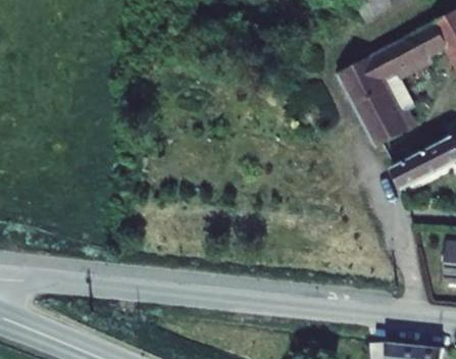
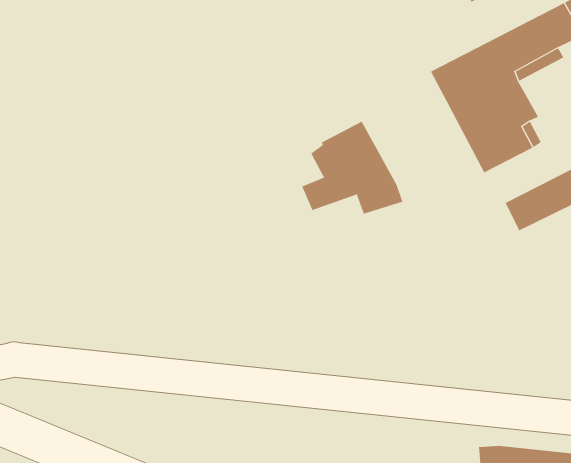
building: none -> [302,121,403,214]

